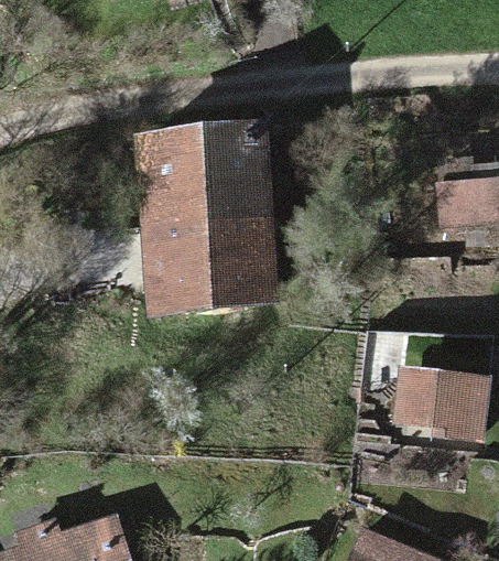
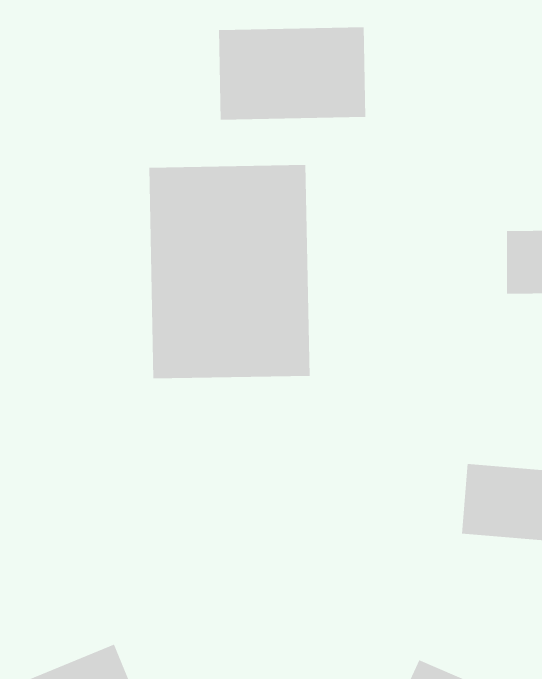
building: none -> [219,27,366,120]

